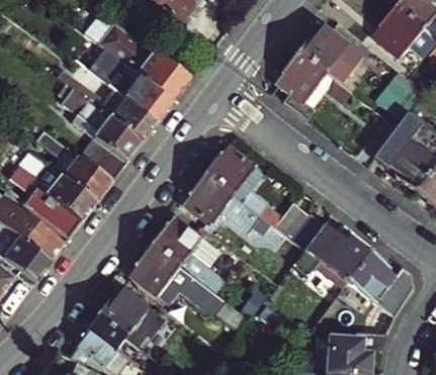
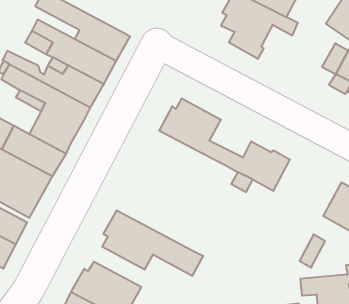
building: [187,174,262,232] -> none
building: [152,218,228,293] -> none
building: [290,221,370,280] -> none

